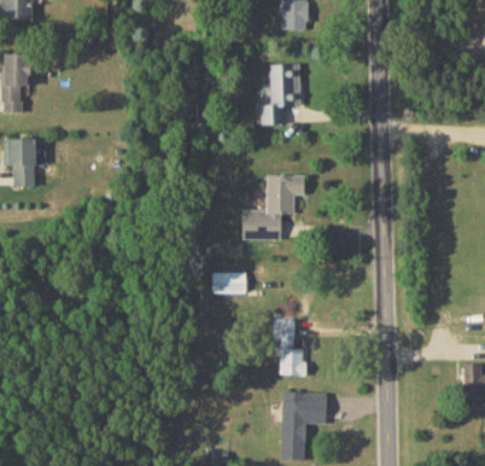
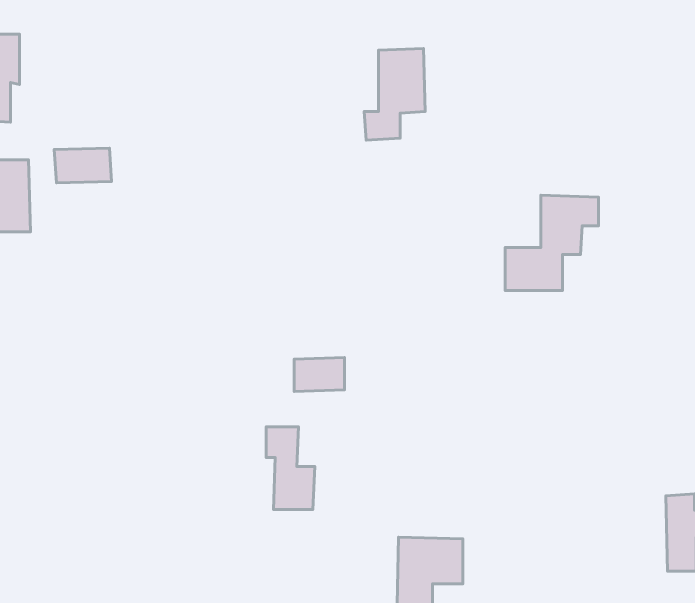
building: none -> [54,148,112,183]
building: [242,175,305,239] -> [505,195,598,291]
building: [274,320,306,375] -> [266,427,315,510]

